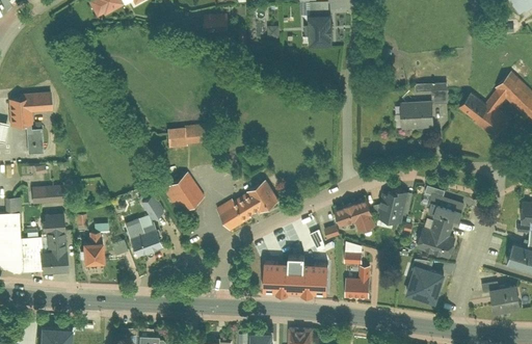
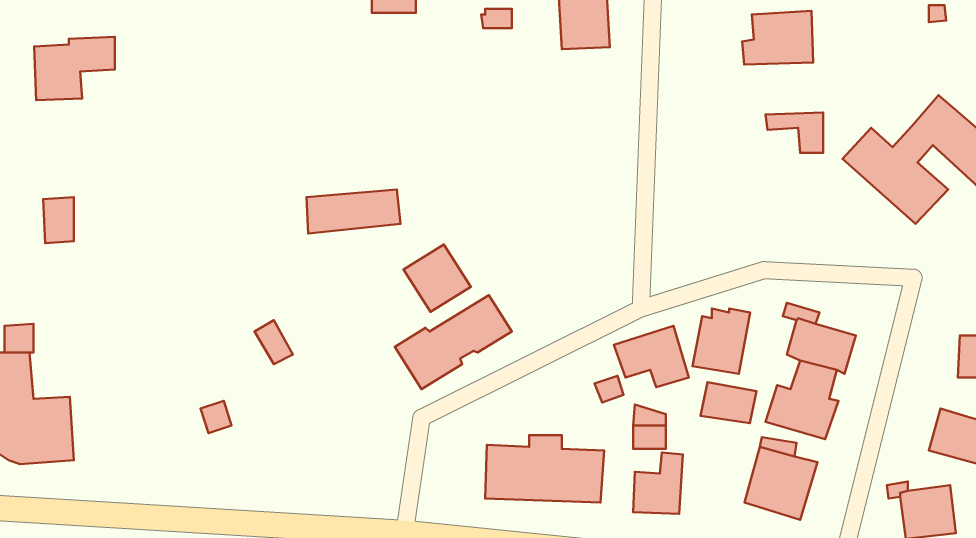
building: [8,92,52,127] -> [34,37,115,100]
building: [395,99,433,128] -> [742,11,813,65]
building: [166,176,203,212] -> [404,245,471,312]
building: [31,186,64,204] -> none
building: [41,211,68,270] -> none
building: [126,220,164,259] -> none
building: none -> [701,382,757,423]
building: [82,231,102,261] -> none

